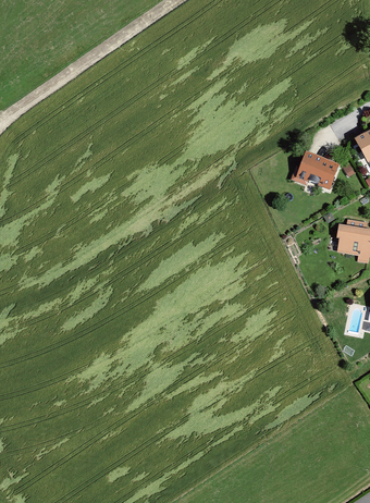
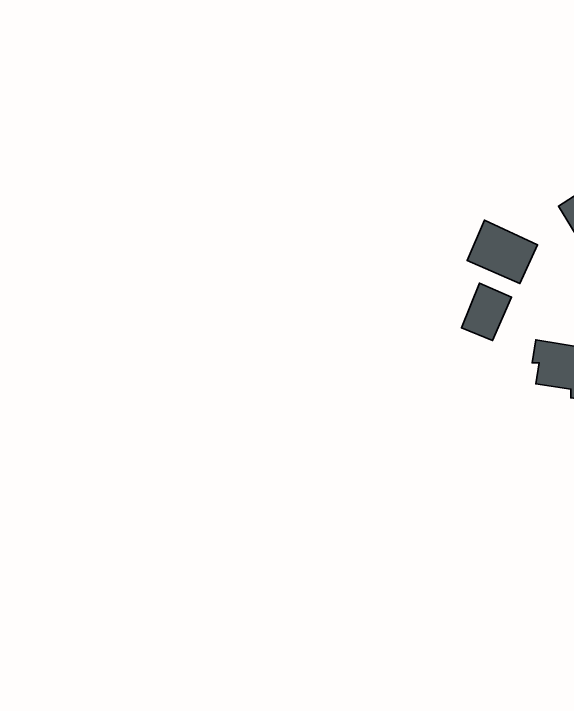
building: none -> [462,283,511,341]

